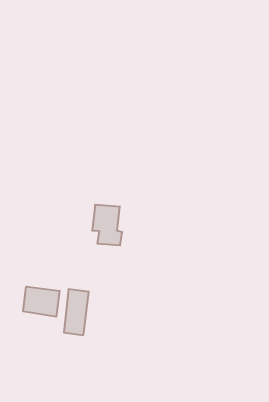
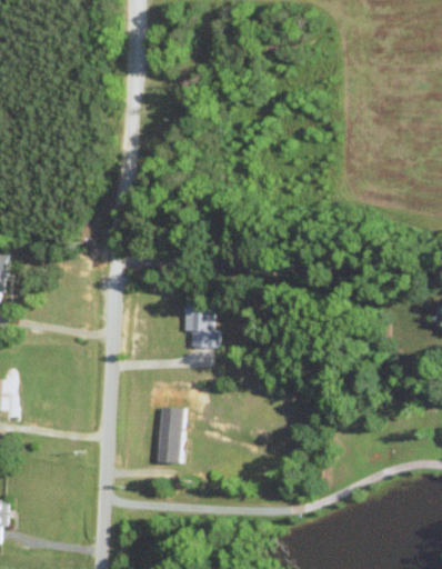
building: [23,287,59,317] -> none

